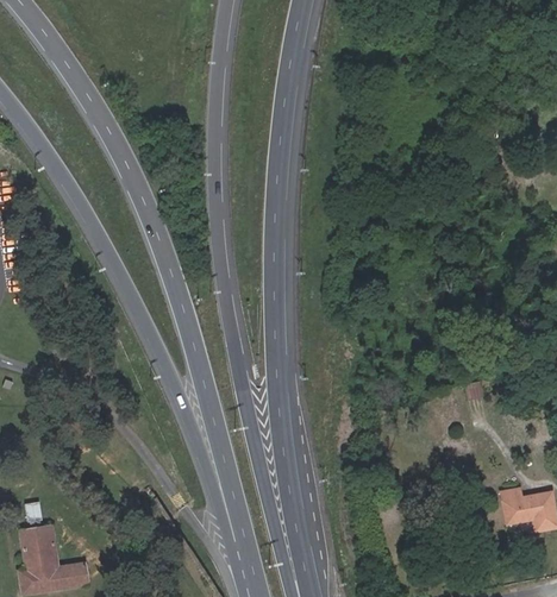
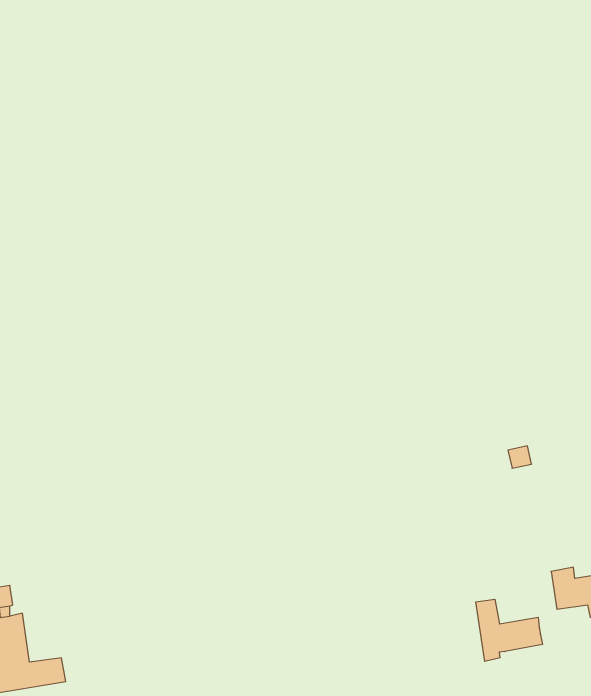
building: none -> [476,599,542,661]

